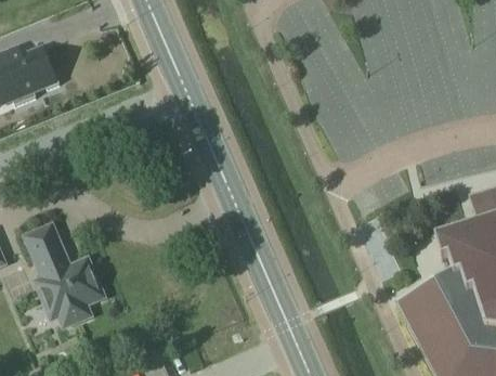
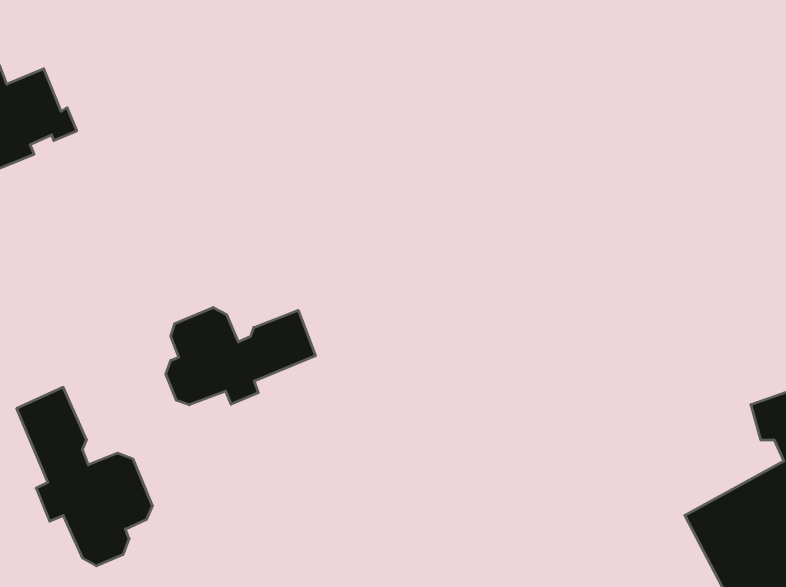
building: none -> [166,307,315,405]

